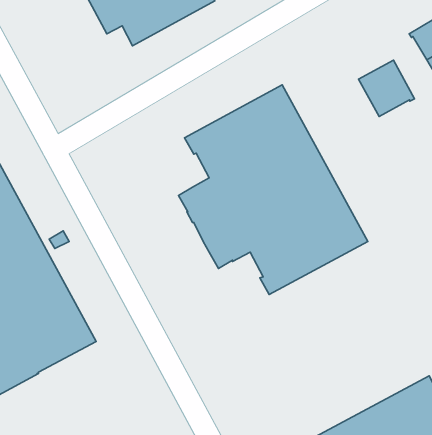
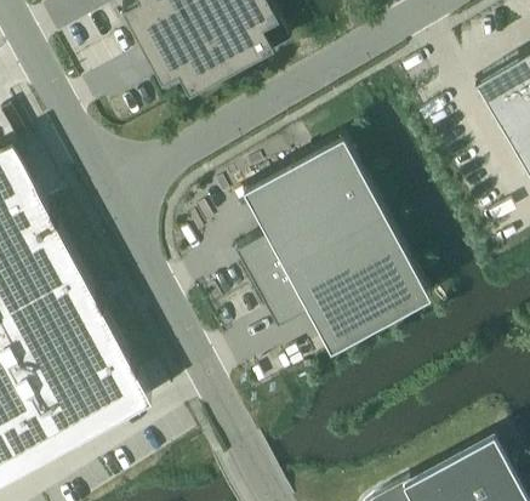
building: [358,60,415,116] -> none

